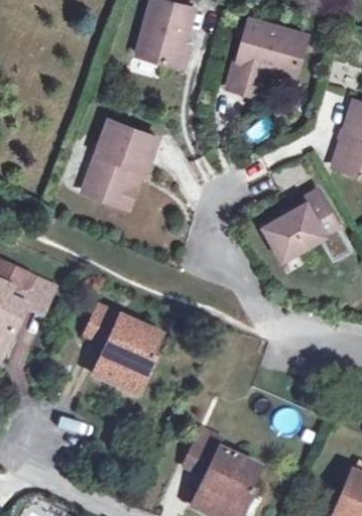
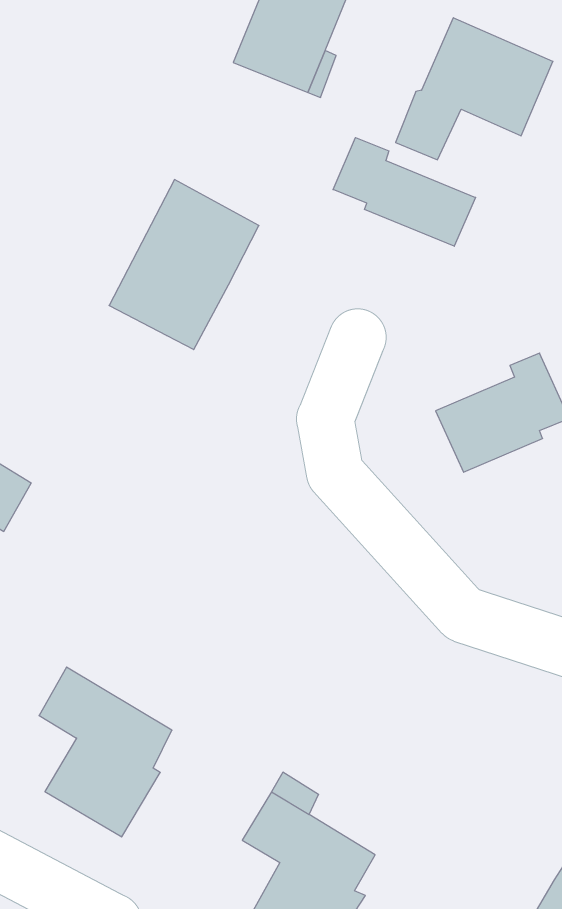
building: none -> [333,138,476,246]
building: [85,306,156,394] -> [39,667,172,837]

